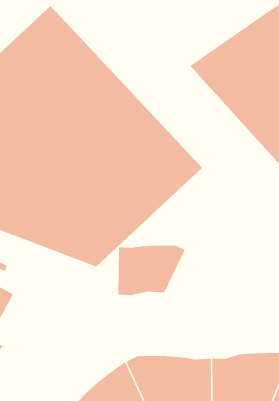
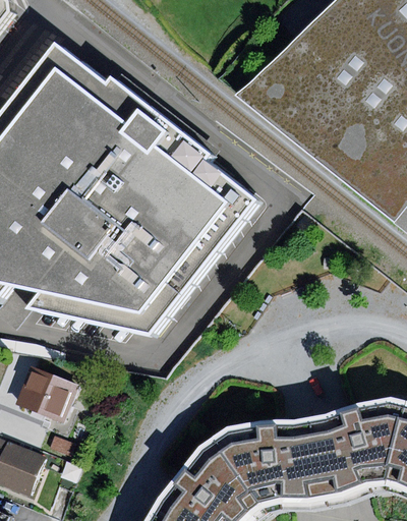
building: [118,245,186,296] -> none

